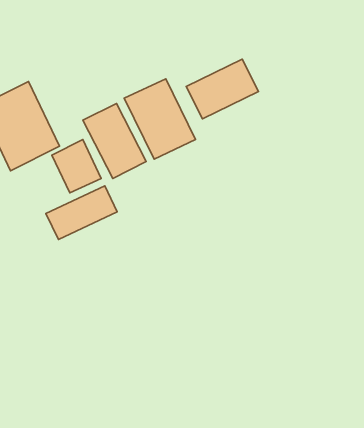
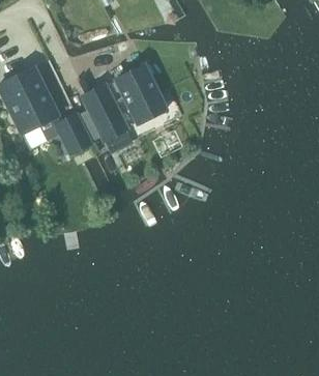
building: [186,59,258,119] -> none
building: [46,186,117,239] -> none

